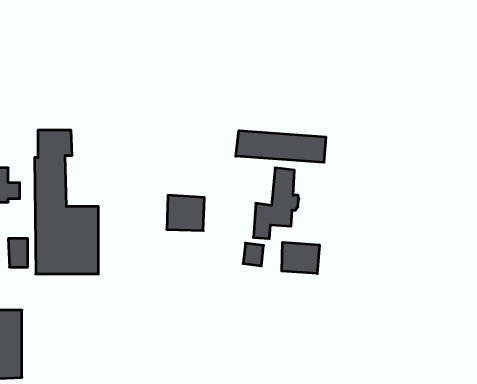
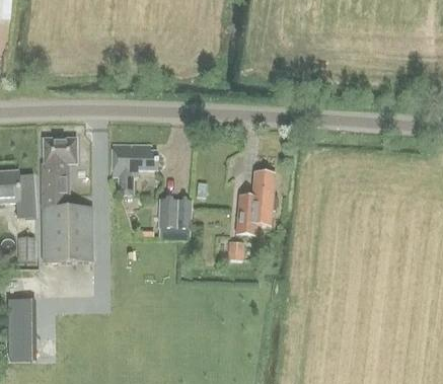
building: [236,131,326,162] -> none
building: none -> [112,143,156,193]
building: [282,242,319,274] -> none

